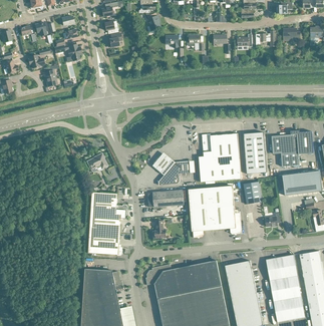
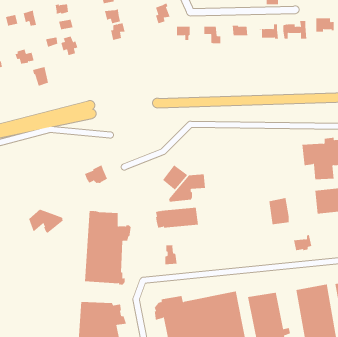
building: [243,131,266,174] -> none
building: [198,132,241,182] -> none
building: [188,185,241,237] -> none
building: none -> [29,209,63,234]

